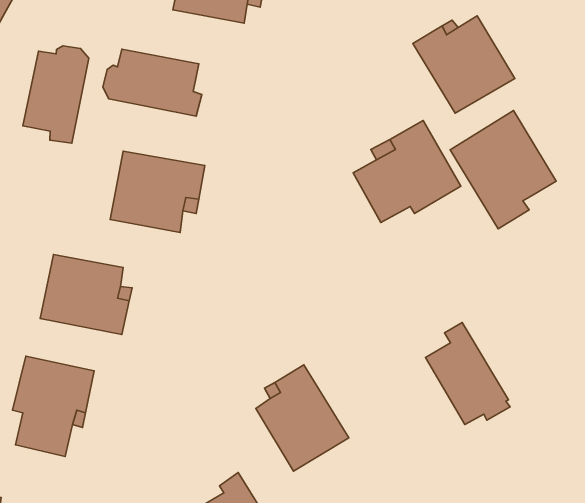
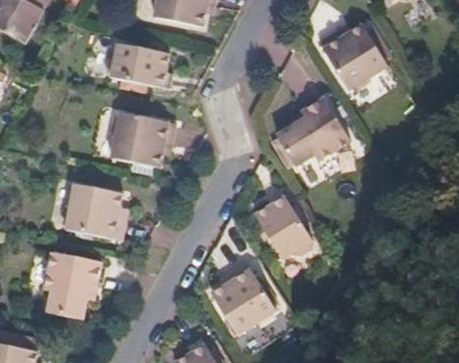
building: [23,46,89,143] -> none
building: [450,110,556,229] -> none
building: [426,323,510,424] -> [255,185,313,255]

